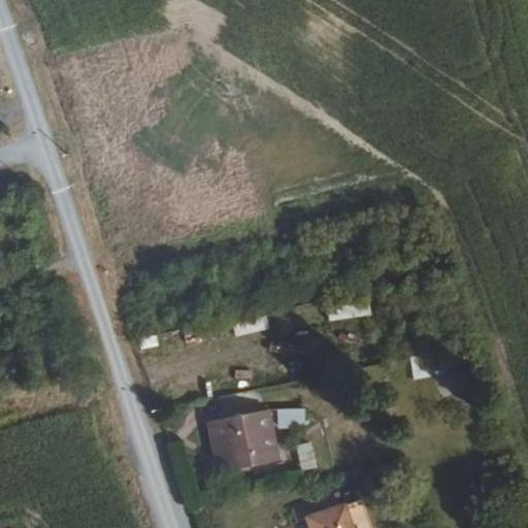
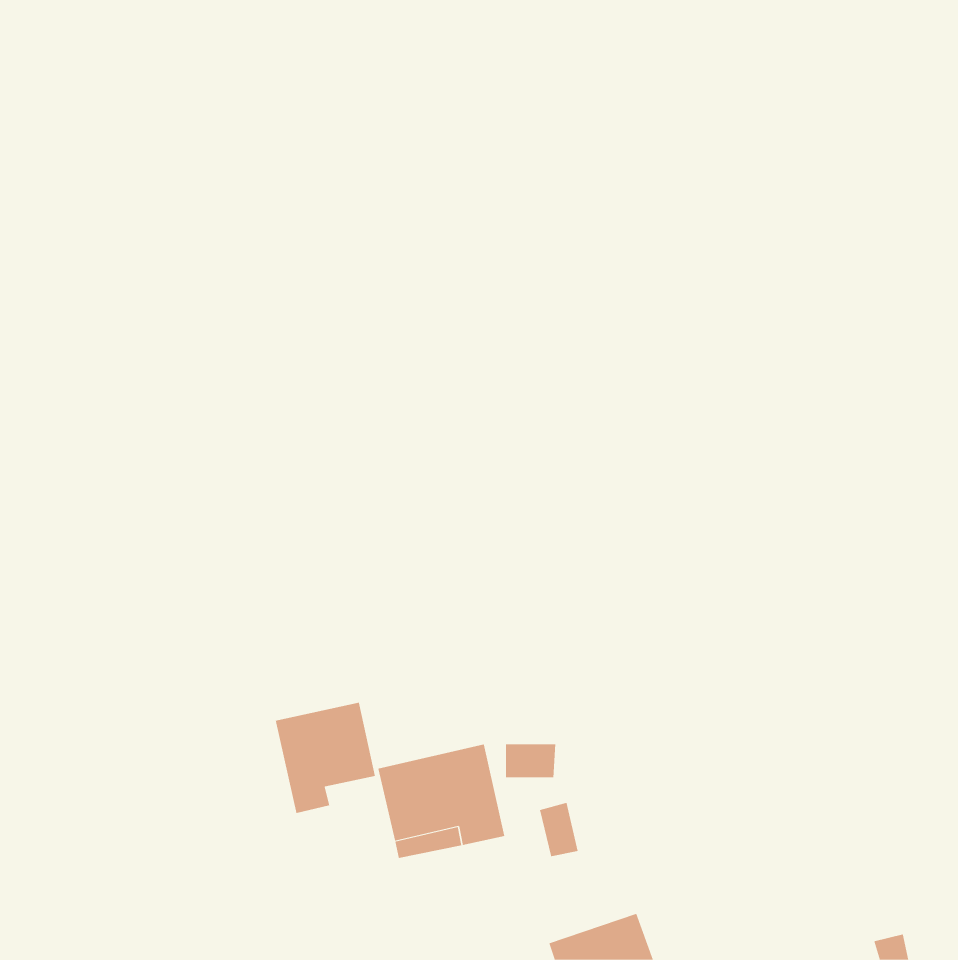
building: none -> [275,702,375,814]

